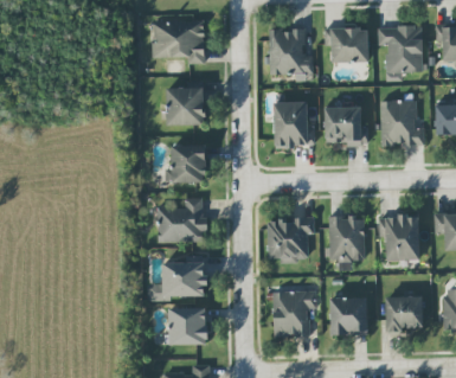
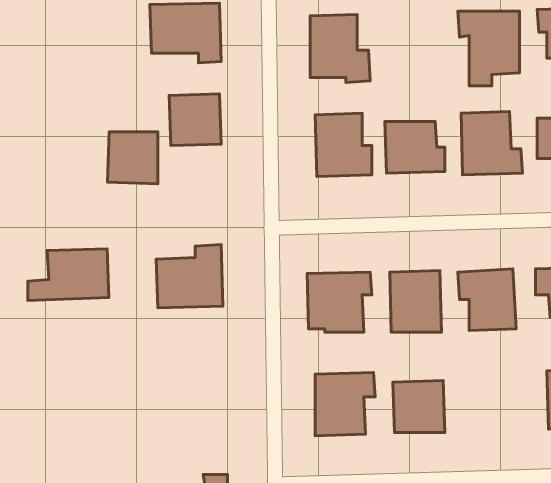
building: [323,26,368,62] -> none
building: [168,145,205,182] -> [108,132,158,184]
building: [147,261,206,299] -> [28,249,109,301]
building: [385,295,423,332] -> none
building: [167,307,207,345] -> none

